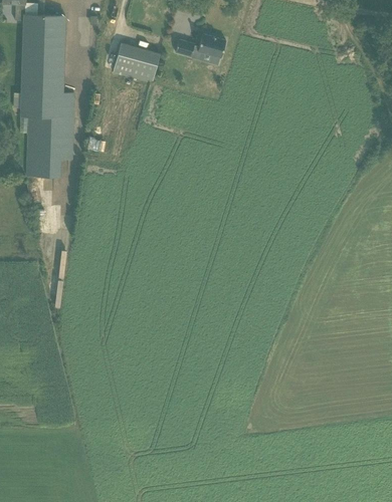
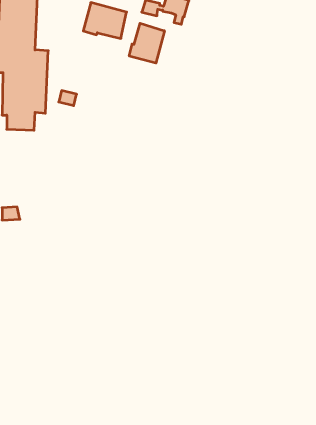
building: none -> [129,23,164,63]

